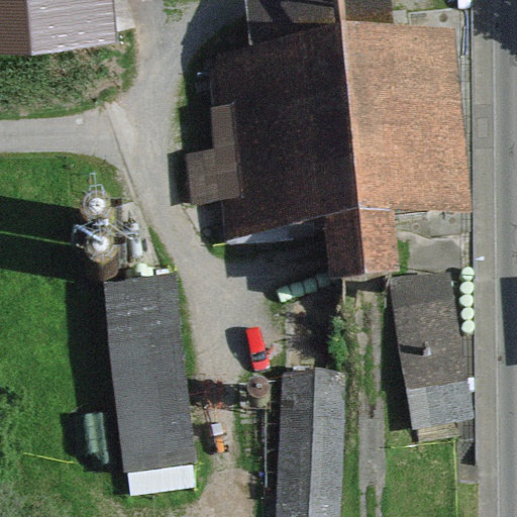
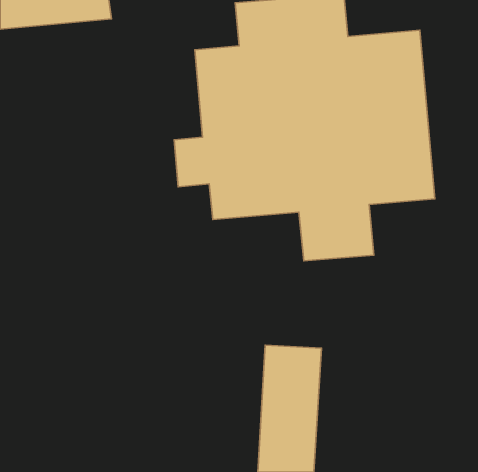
building: [101,275,196,475] -> none
building: [392,277,470,433] -> none

